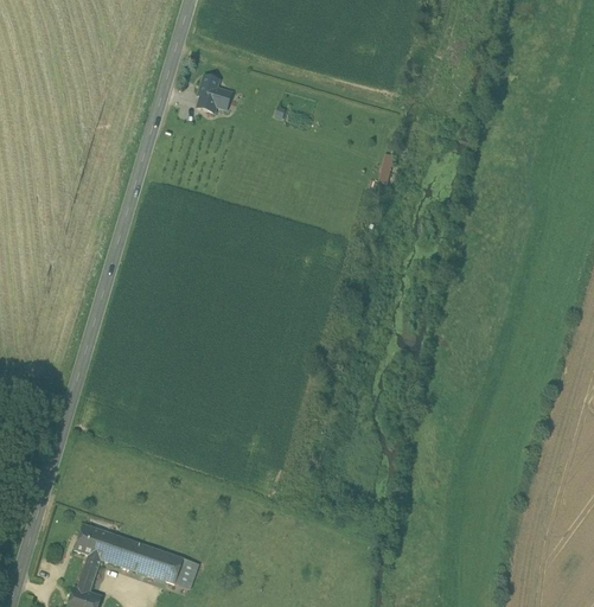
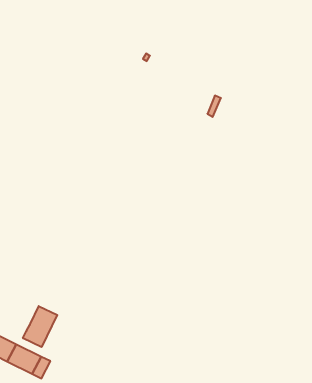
building: [198,76,231,111] -> none
building: none -> [23,306,57,347]

